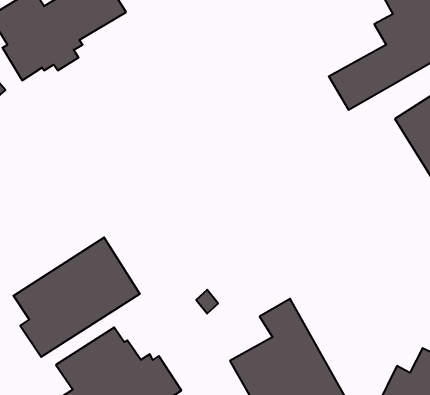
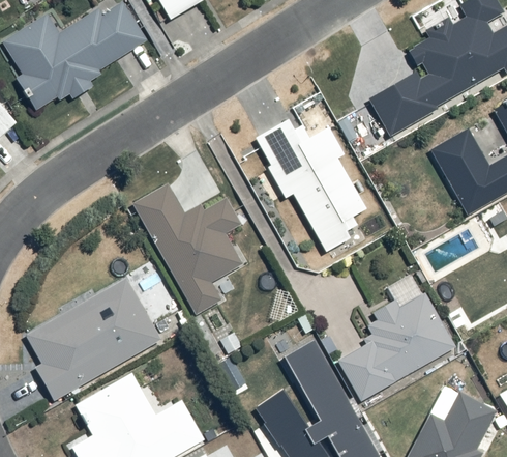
building: none -> [256,95,369,259]
building: none -> [132,183,244,315]
building: none -> [340,289,457,400]

